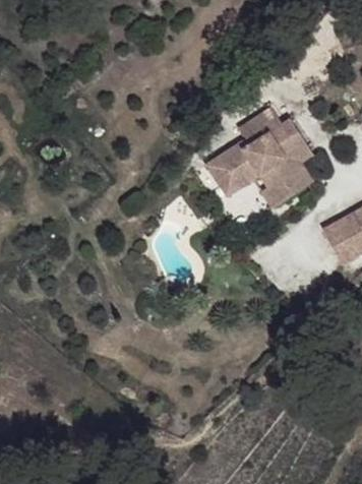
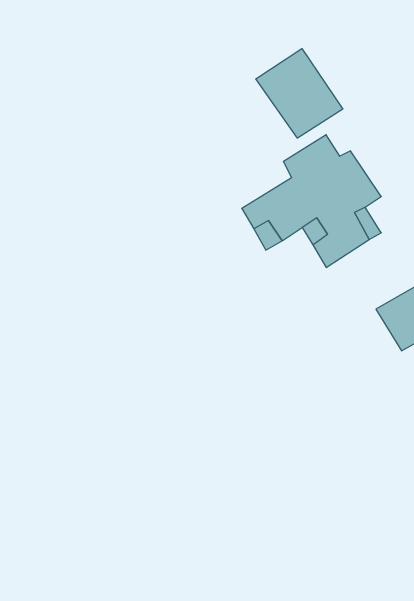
building: none -> [256,49,343,138]

